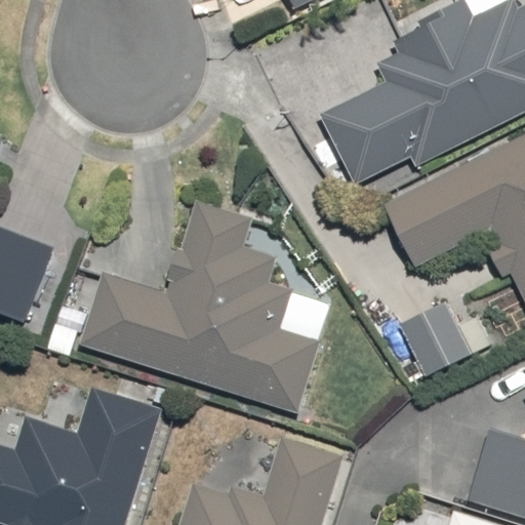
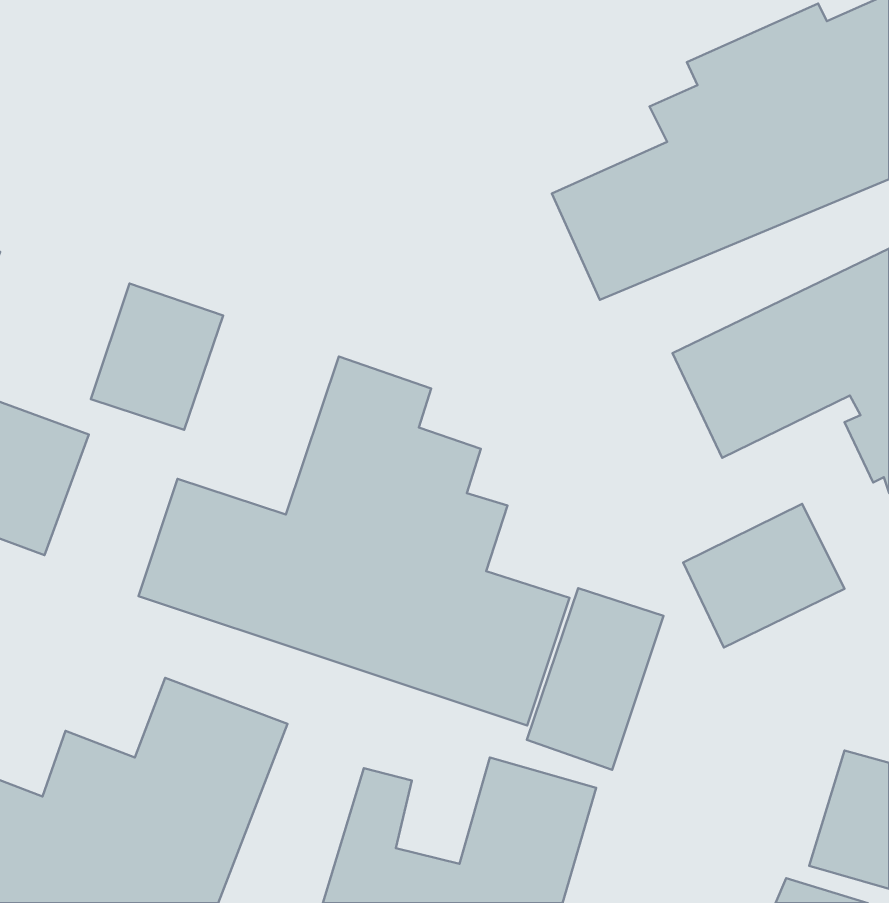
building: none -> [91,283,223,430]
building: none -> [527,588,663,770]

